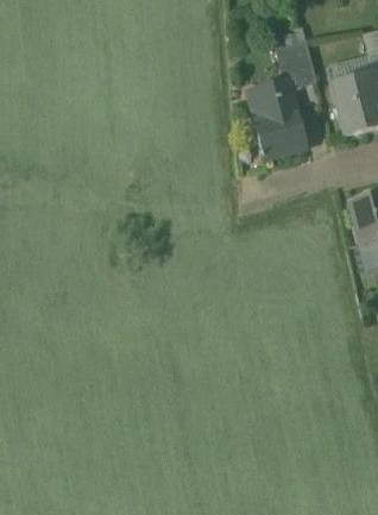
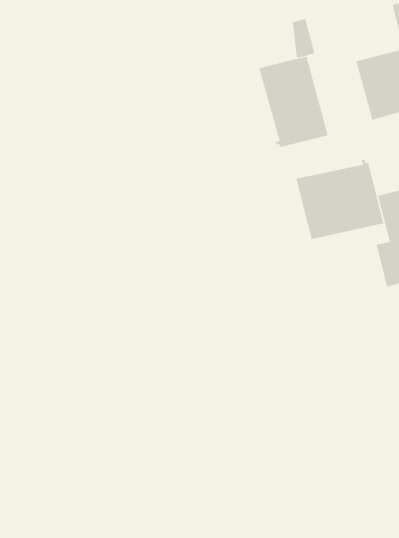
building: [288,38,317,84] -> none
building: none -> [296,159,384,240]

